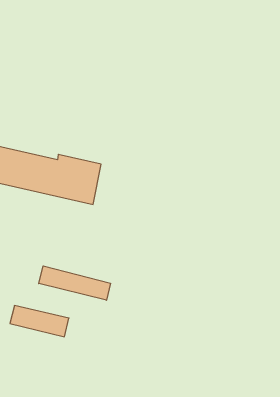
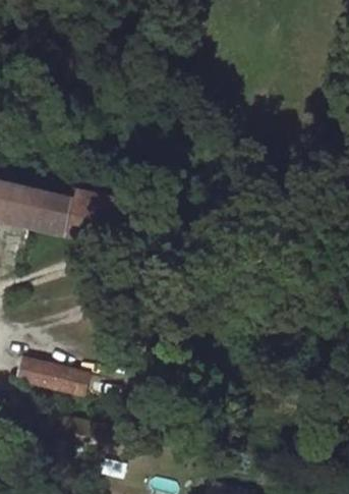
building: [39,266,110,300] -> none

